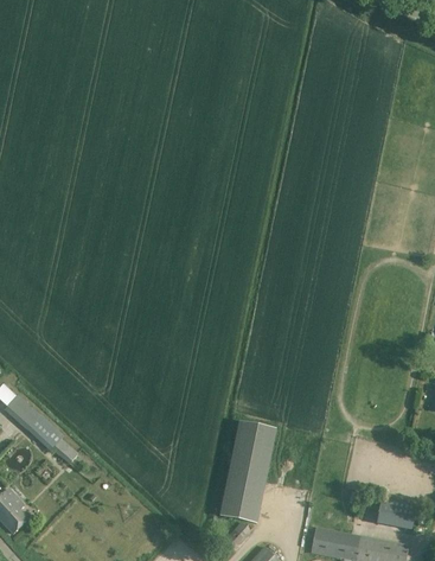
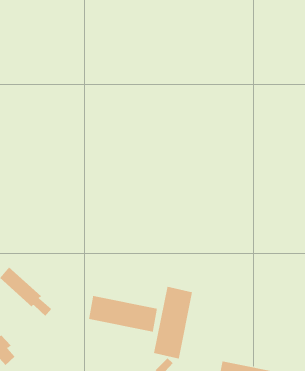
building: none -> [89,295,157,333]
building: [377,498,417,531] -> none

